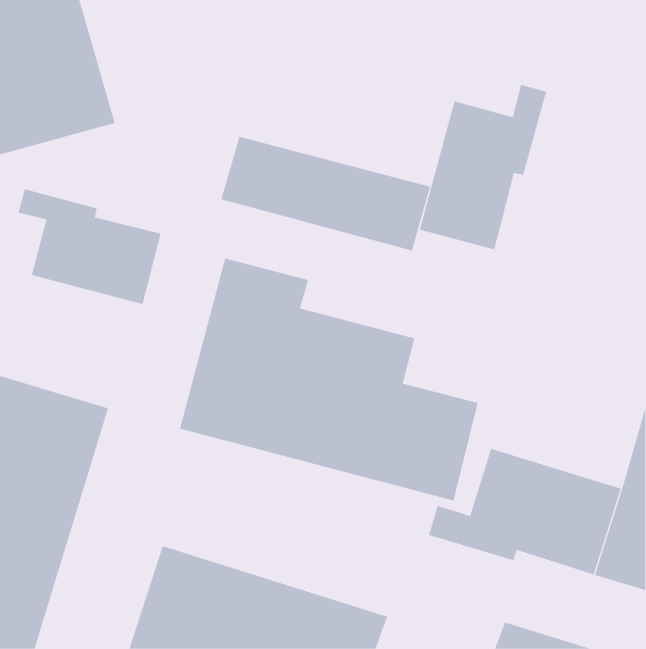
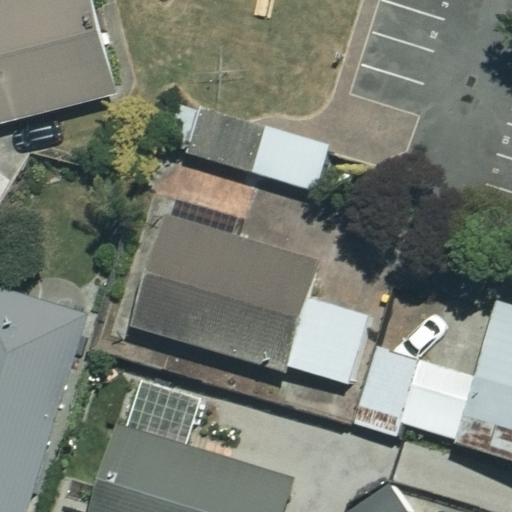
building: [419,84,547,250] -> none
building: [18,189,161,305] -> none

